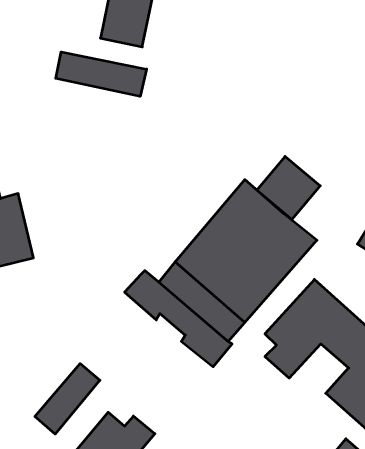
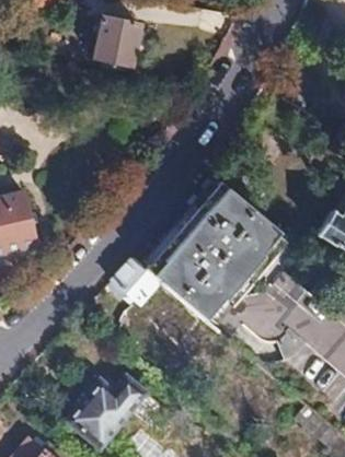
building: [56,52,147,96] -> none
building: [257,156,320,219] -> none
building: [35,364,100,434] -> none

